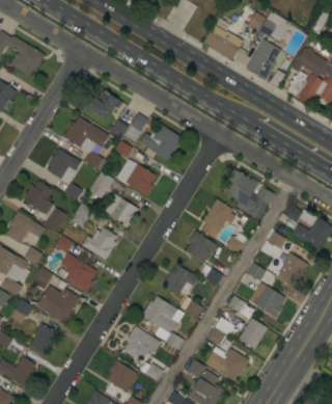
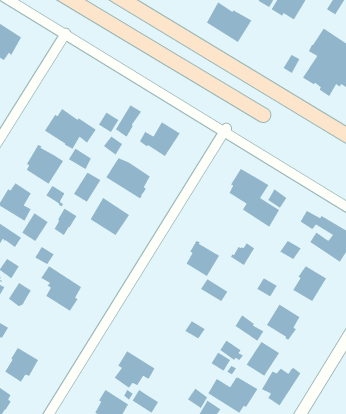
building: [246,39,281,79] -> none
building: [86,89,122,119] -> none
building: [201,198,236,237] -> none
building: [82,227,116,260] -> none
building: [165,264,198,293] -> none
building: [36,286,81,324] -> none
building: [141,296,184,349] -> none
building: none -> [261,367,301,406]

